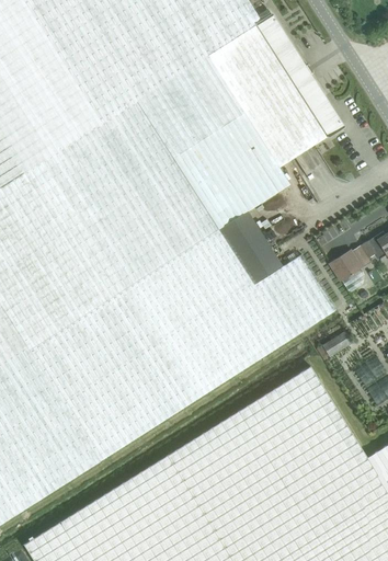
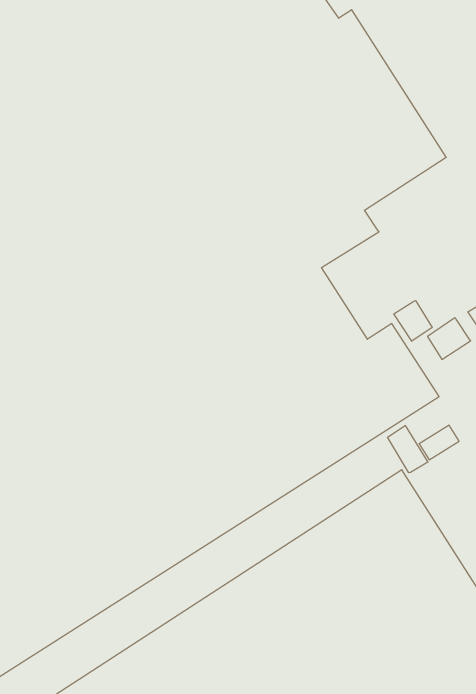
building: none -> [394,301,432,341]
building: none -> [388,426,428,473]

